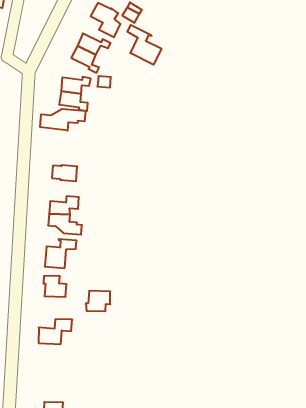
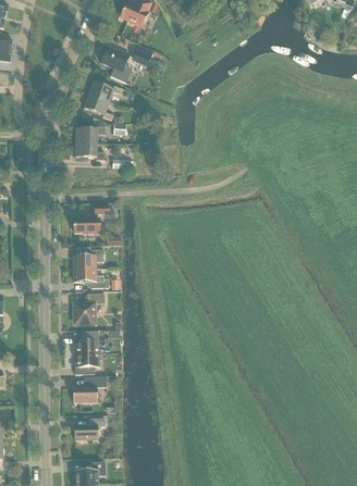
building: [127,25,161,65] -> none
building: [40,109,85,131] -> none
building: [86,291,110,311] -> [74,352,99,374]
building: none -> [75,418,104,439]

